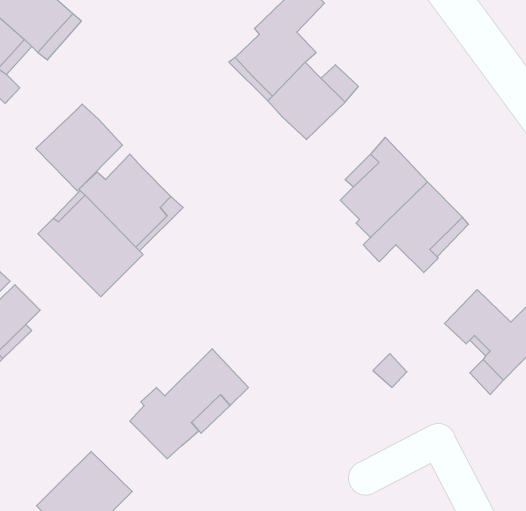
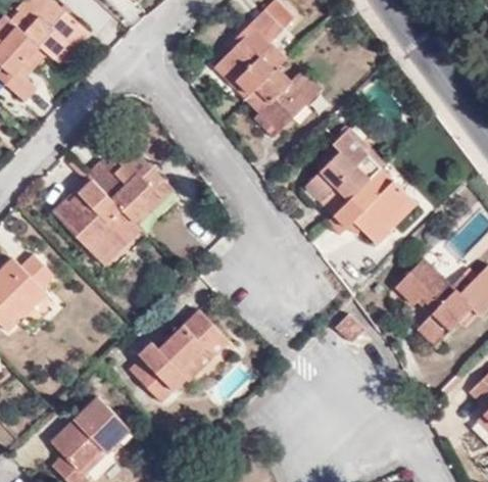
building: [36,104,123,191] -> none

